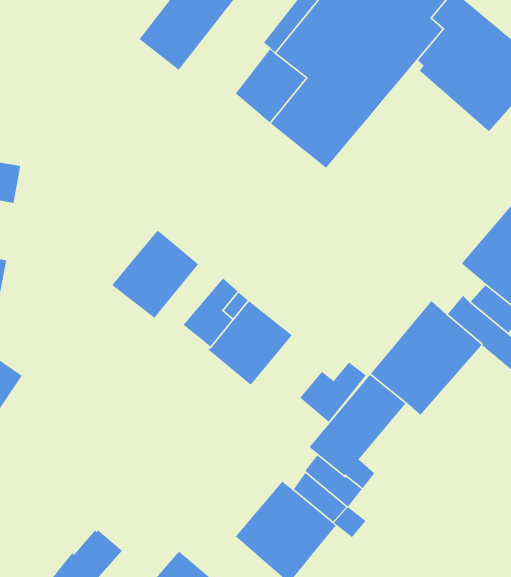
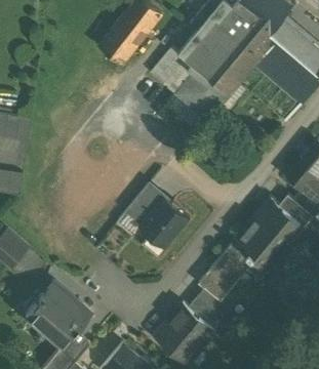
building: [111,230,199,319] -> none
building: [299,361,367,423] -> none
building: none -> [25,283,90,346]

